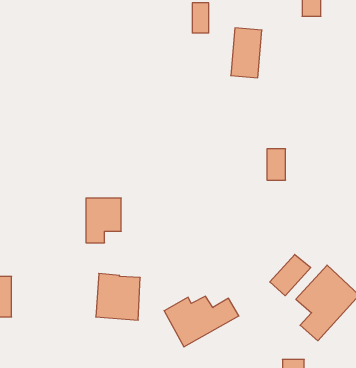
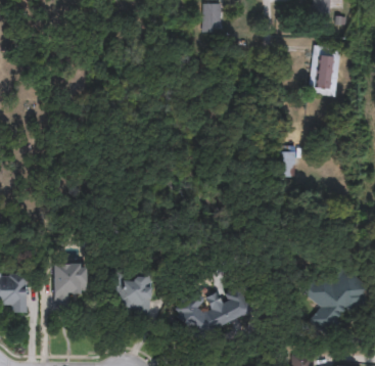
building: [231,28,262,78] -> [310,46,340,95]
building: [86,198,121,243] -> [53,264,88,308]
building: [270,254,311,296] -> none

